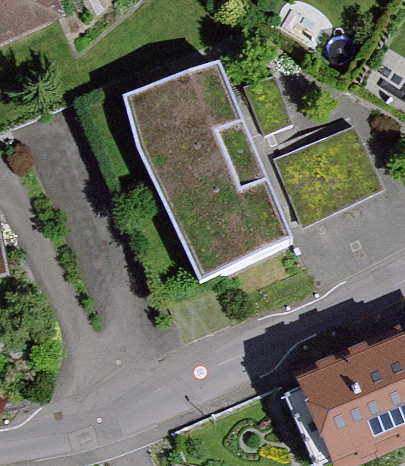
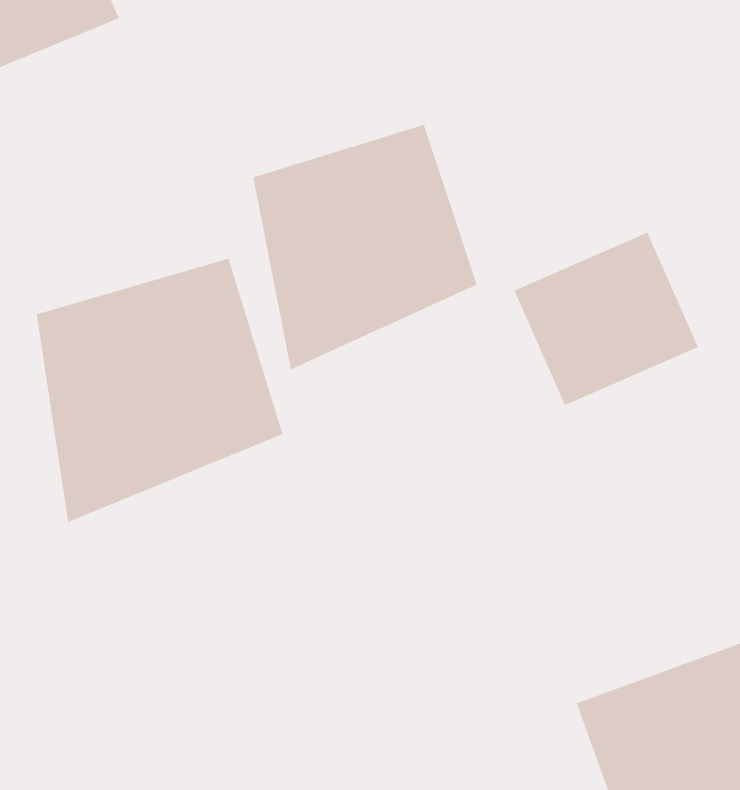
building: none -> [36,258,283,523]
building: [159,152,297,281] -> none

